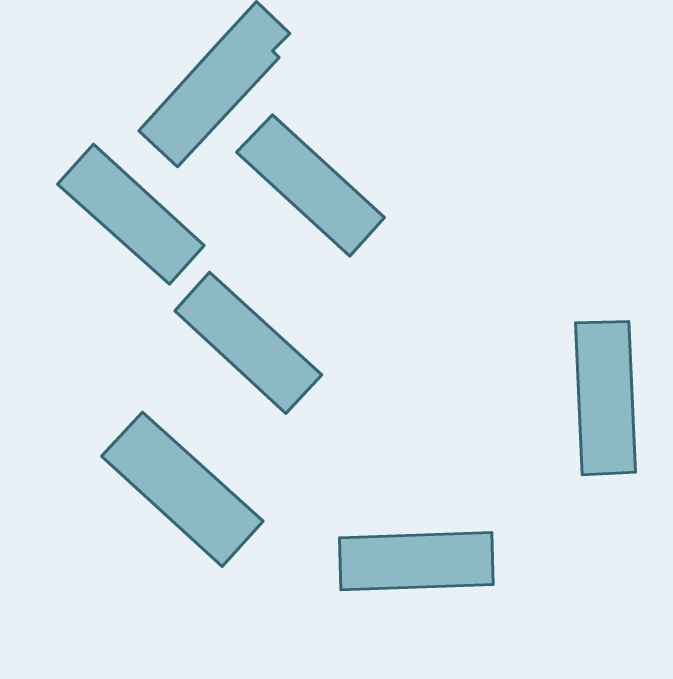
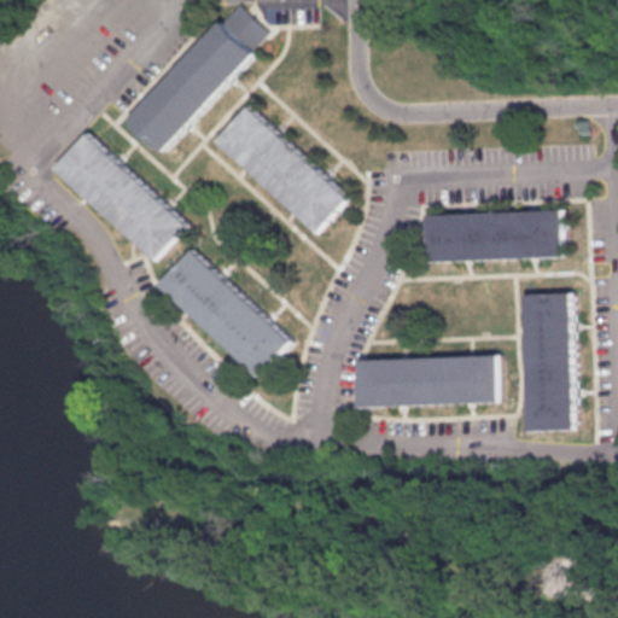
building: none -> [425,210,562,262]
building: [101,412,263,567] -> none
building: [340,532,493,590] -> [358,355,497,407]

